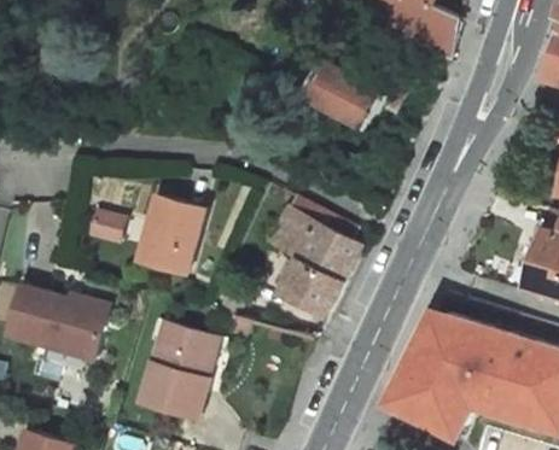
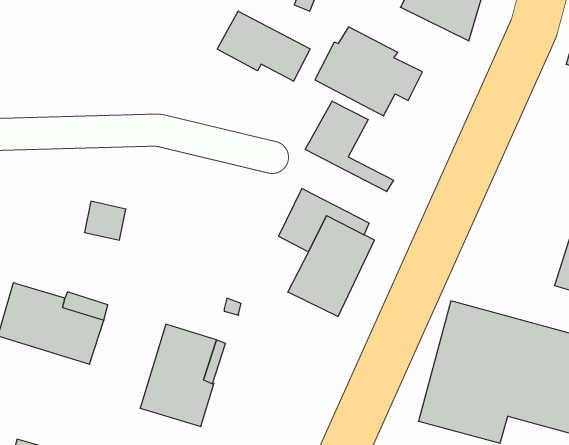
building: none -> [217,11,310,81]
building: none -> [305,101,393,192]
building: [141,197,203,274] -> none

